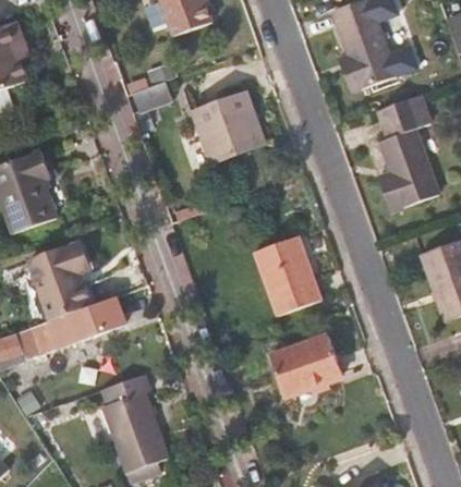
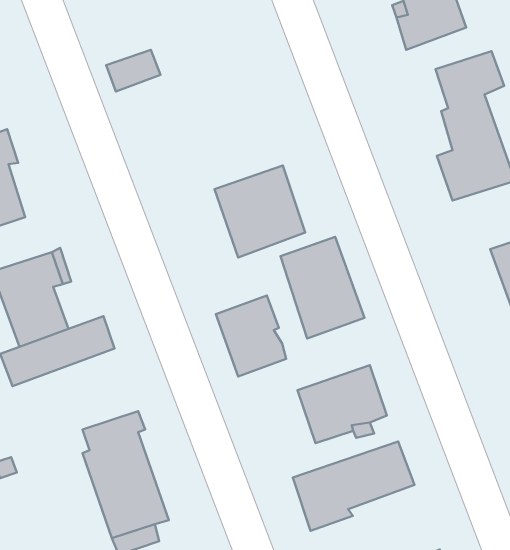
building: [191,88,262,160] -> [215,165,305,257]
building: none -> [216,296,286,377]
building: none -> [293,441,415,531]

